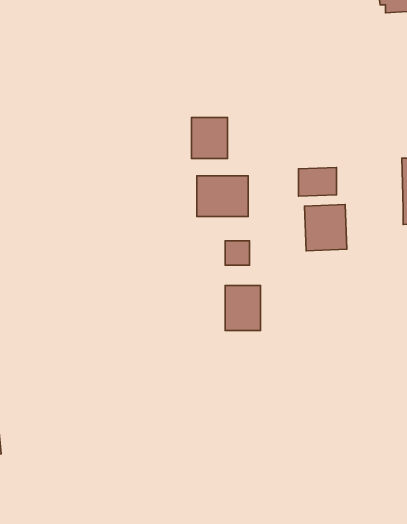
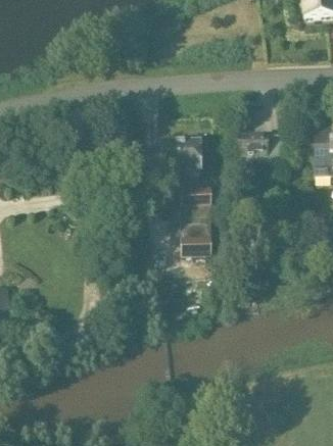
building: [192,118,228,159] -> none
building: [305,205,347,251] -> none

